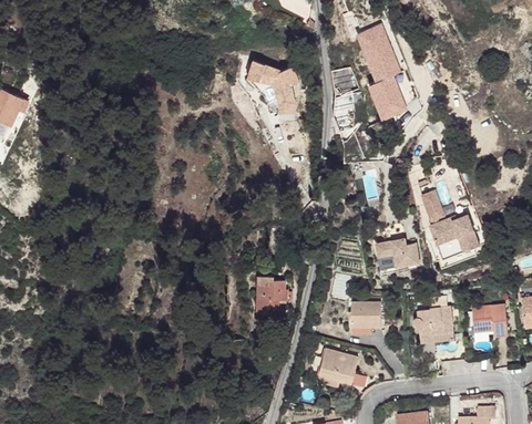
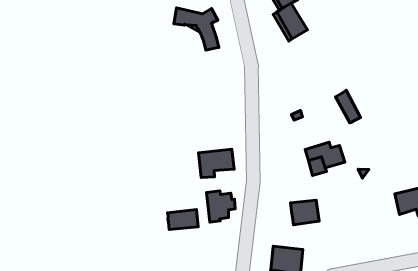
building: [431,215,480,259] -> none
building: none -> [199,149,234,178]
building: none -> [168,209,198,229]
building: [413,306,456,344] -> none

